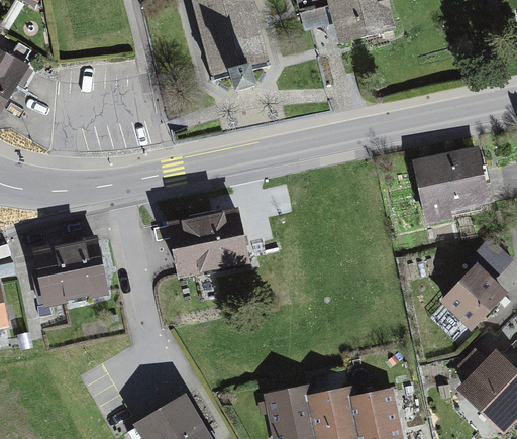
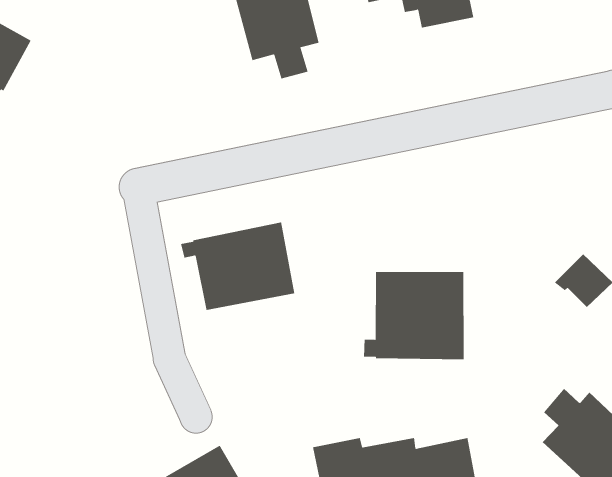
building: [411,145,491,224] -> none
building: [26,237,106,309] -> none
building: none -> [363,271,464,360]
building: [438,263,507,333] -> none

